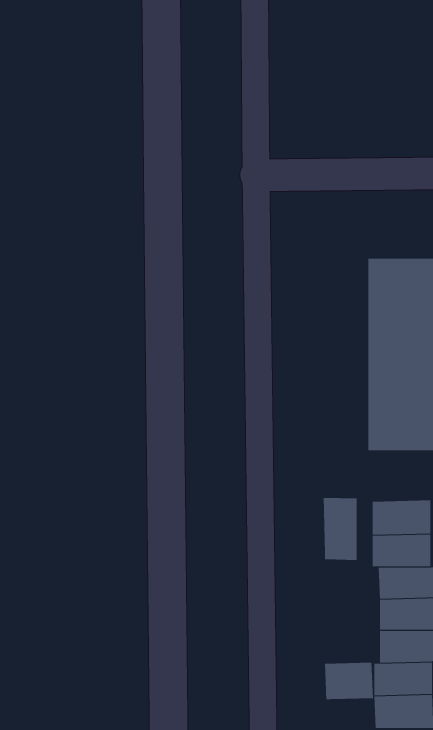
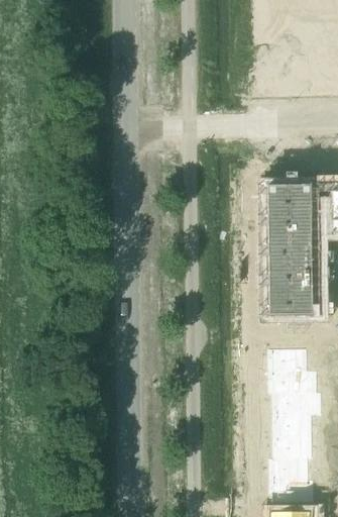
building: [323,497,357,561] -> none
building: [324,662,374,700] -> none

